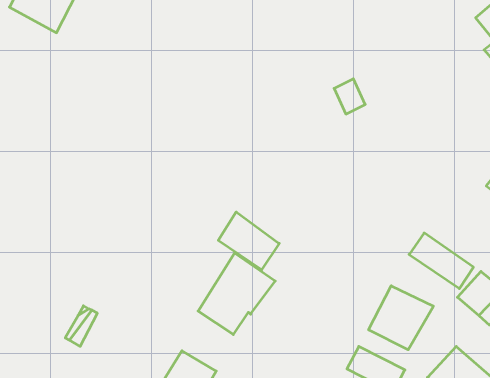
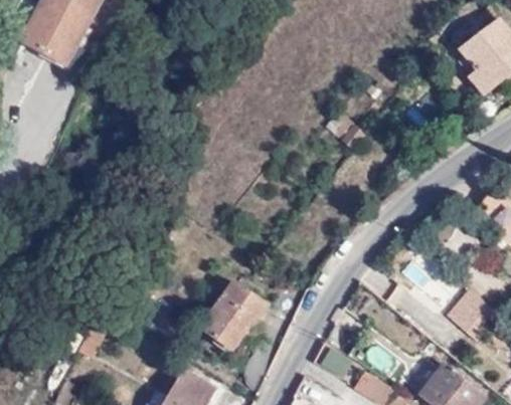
building: [218,212,279,270] -> none
building: [369,286,433,350] -> none

